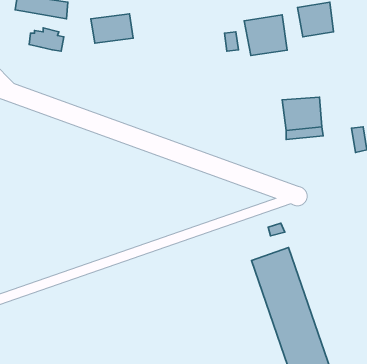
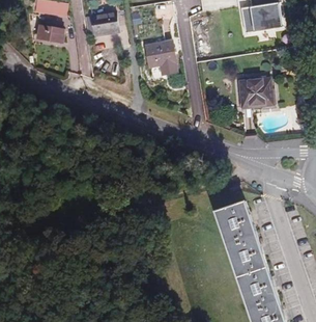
building: [244,15,287,56] -> none
building: none -> [145,42,175,68]

